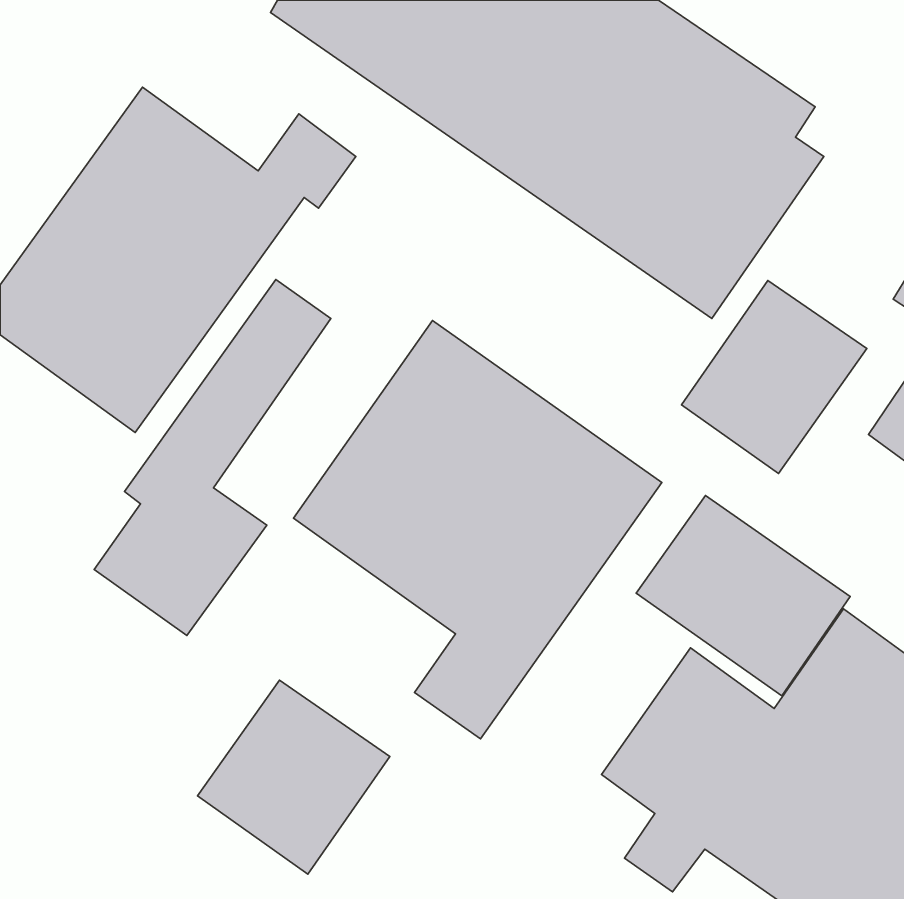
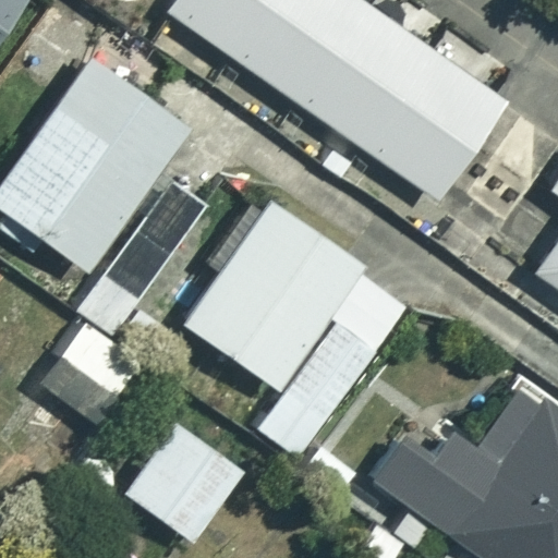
building: [681,280,867,474] -> none
building: [636,495,850,696] -> none

